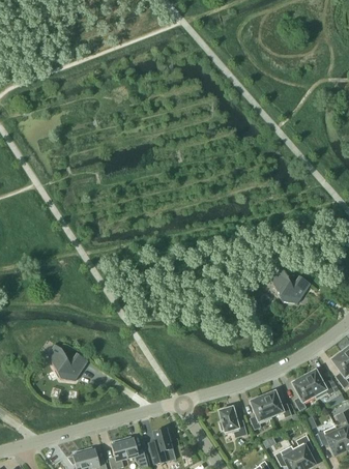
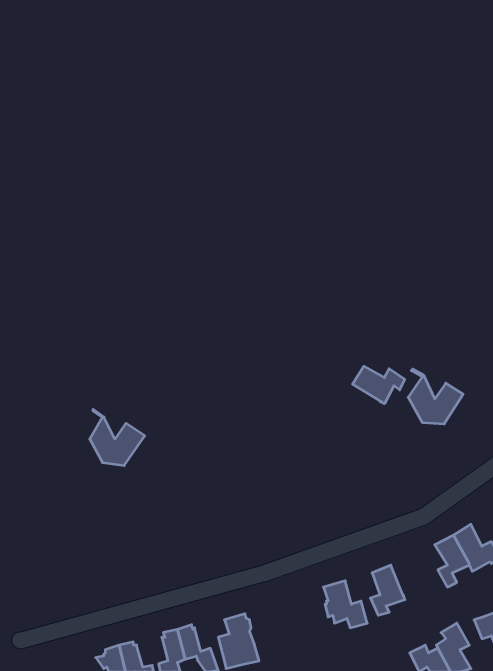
building: none -> [353,366,405,404]
building: [52,343,88,380] -> [90,409,145,466]
building: [262,390,291,417] -> none

